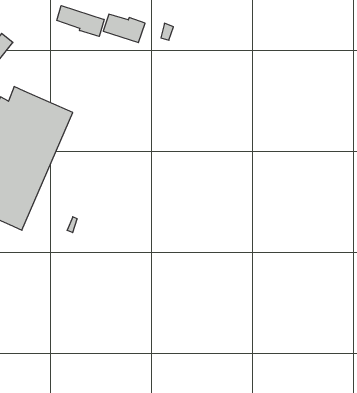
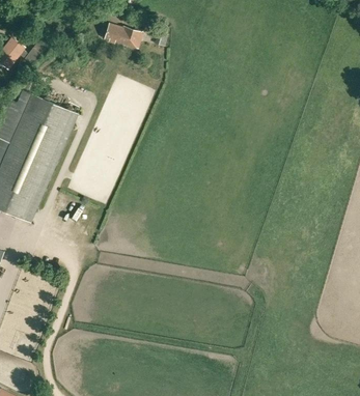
building: [57,6,104,36] -> none

